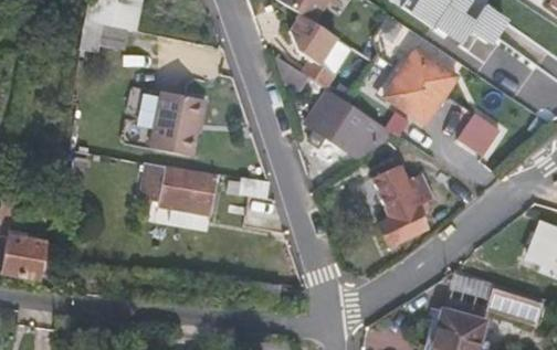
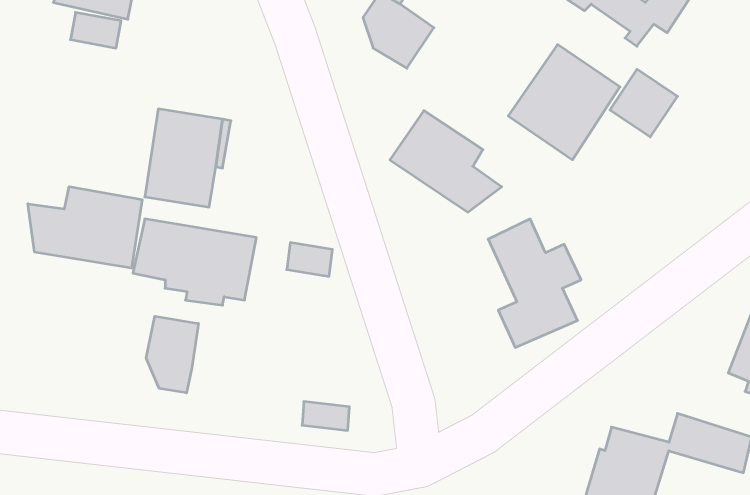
building: [454,115,498,159] -> [610,69,678,137]
building: none -> [28,187,142,268]
building: none -> [146,316,198,393]

